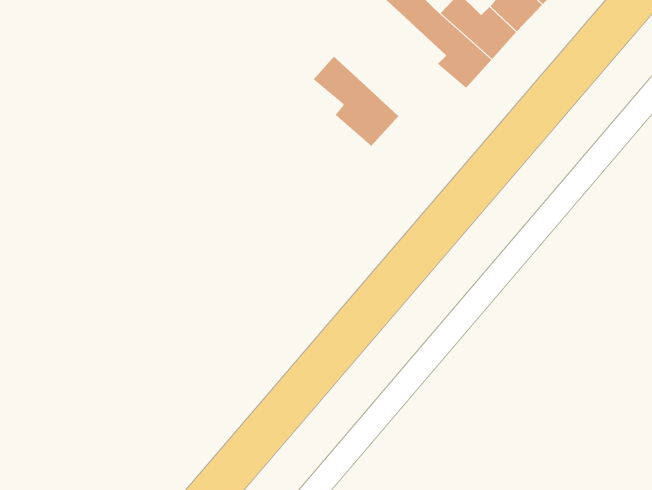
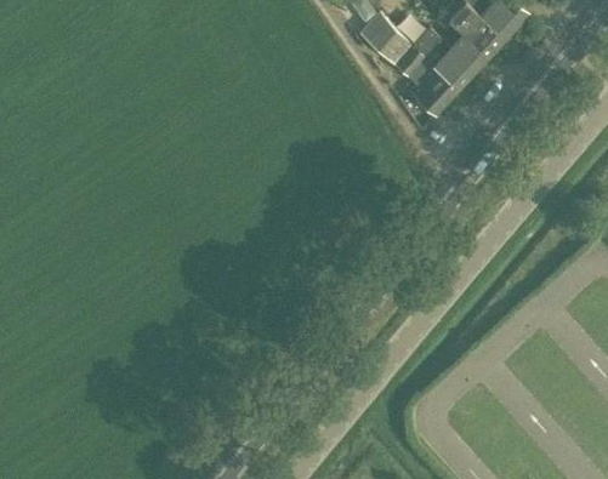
building: [313,56,399,147] -> none

